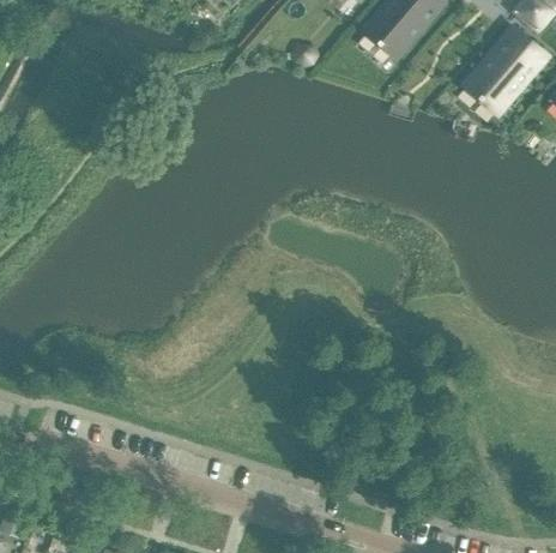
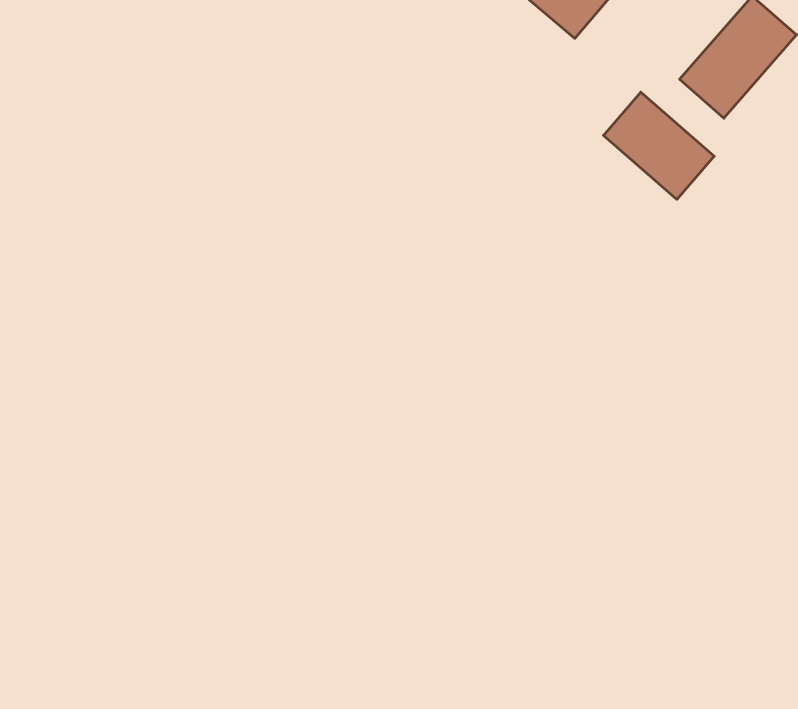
building: none -> [603,92,714,199]

